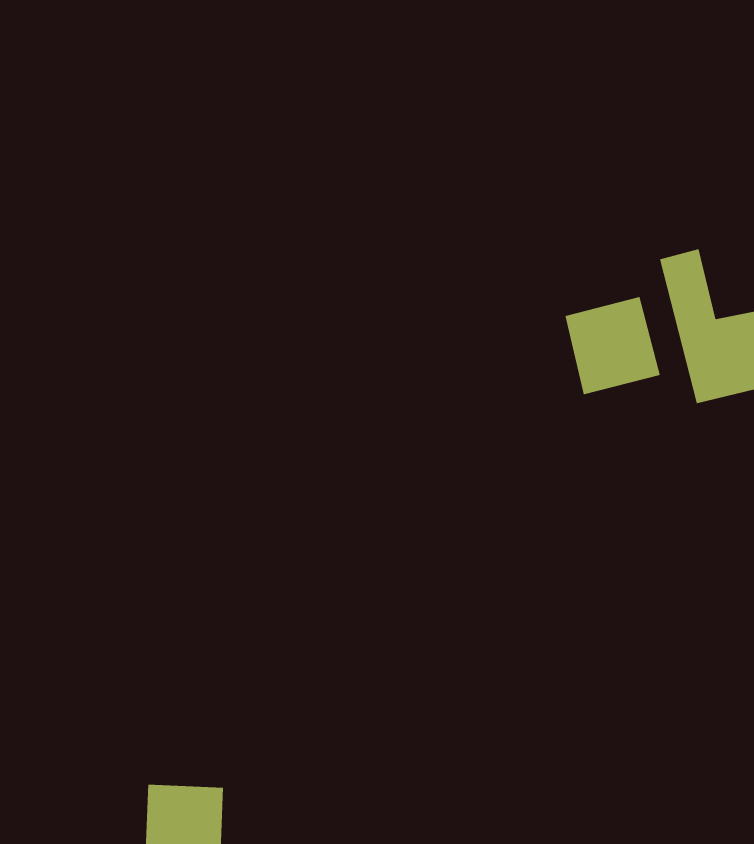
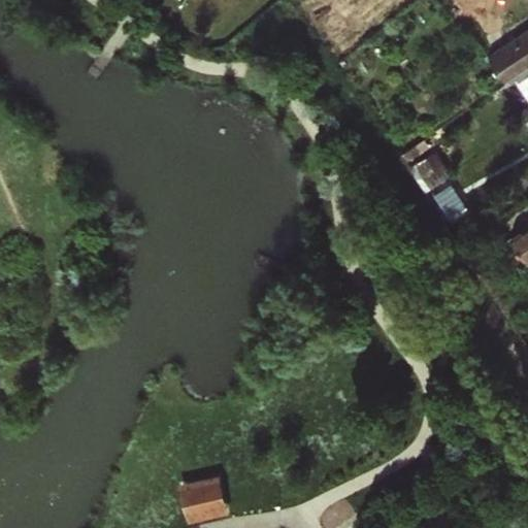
building: [565,296,660,395] -> none

